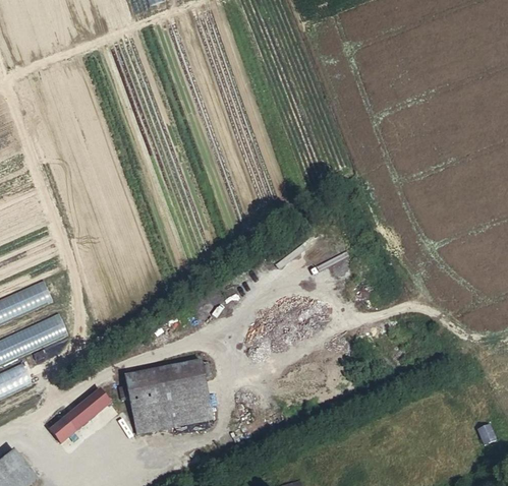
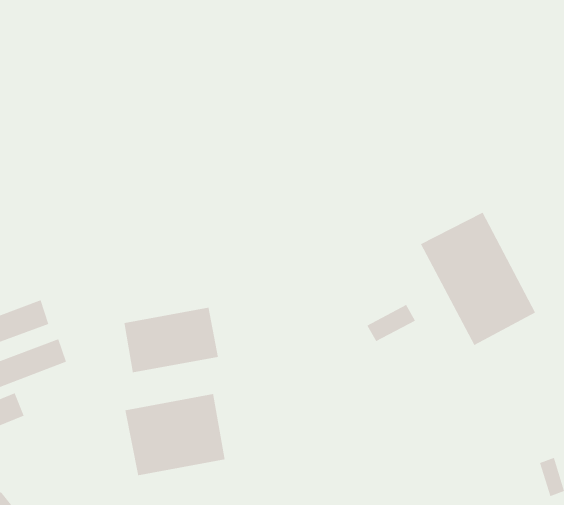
building: none -> [420,212,536,346]
building: none -> [124,307,218,373]
building: [49,388,110,442] -> none

